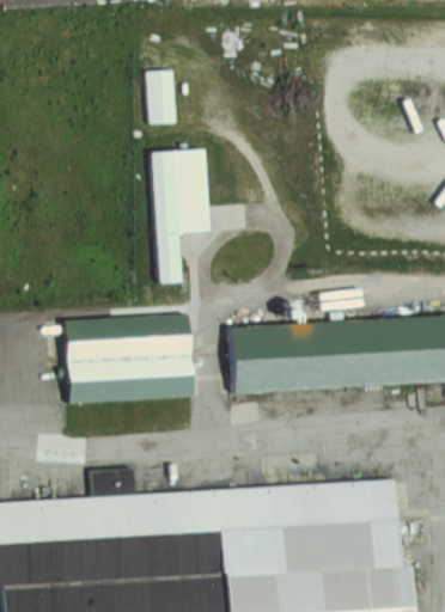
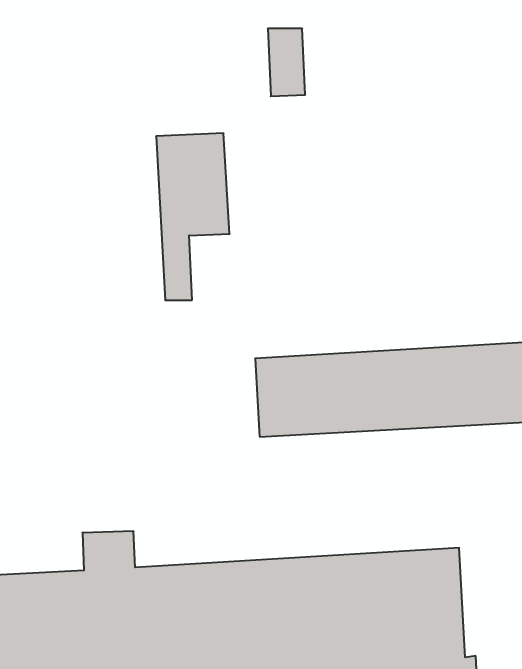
building: [147,69,177,123] -> [268,29,305,96]
building: [65,313,193,402] -> none

